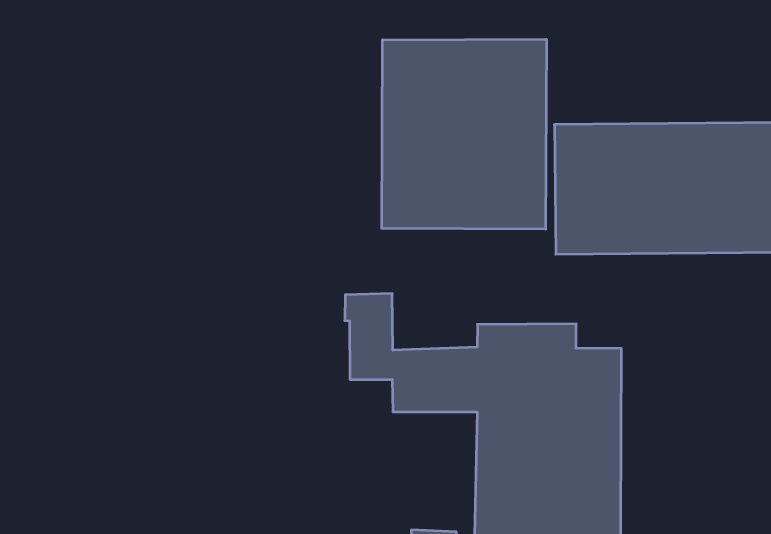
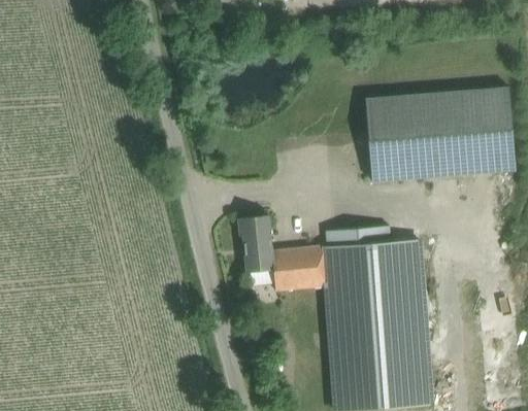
building: [382,39,546,229] -> none

